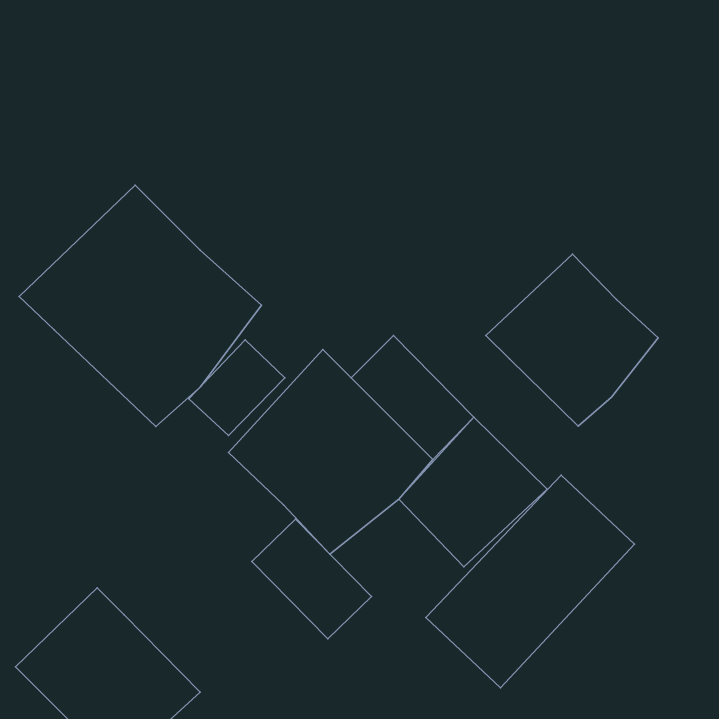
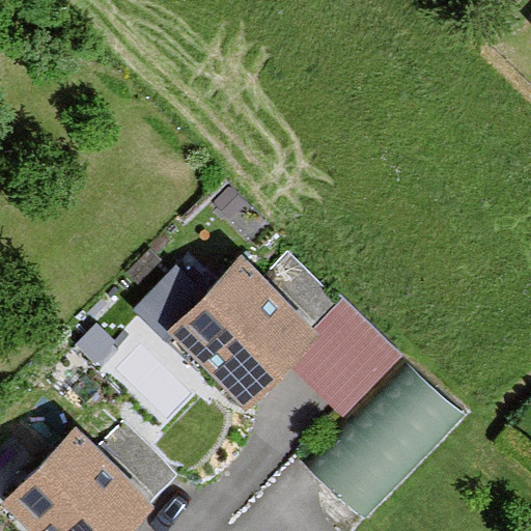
building: [19,185,261,427] -> none
building: [486,254,658,426] -> none
building: [252,519,372,639] -> [91,422,179,510]

